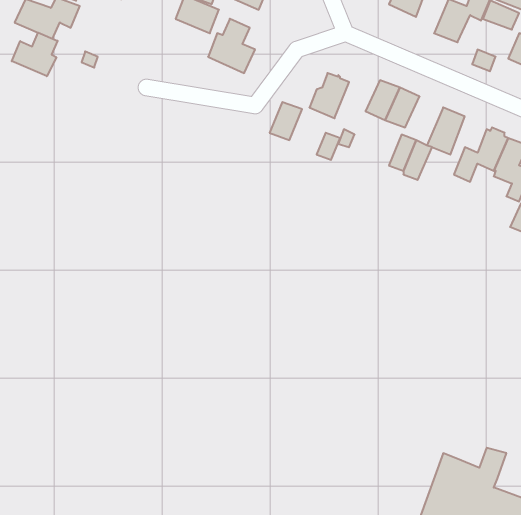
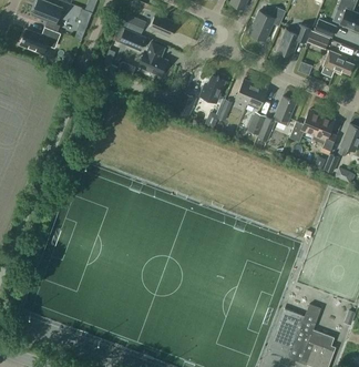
building: [12,33,58,76] -> none

